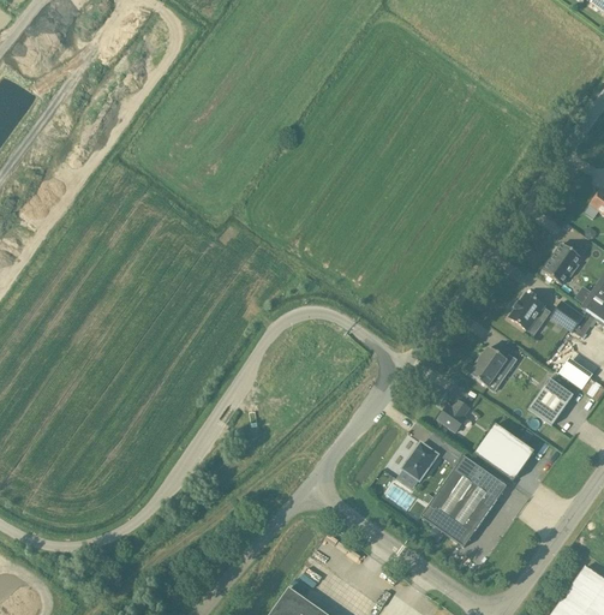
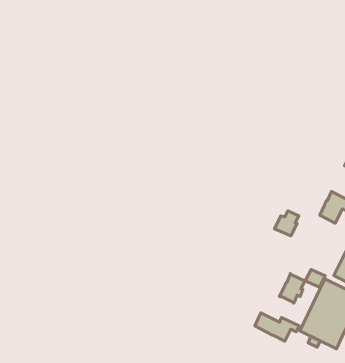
building: [437,399,471,431] -> [275,211,299,236]
building: none -> [255,313,299,341]

